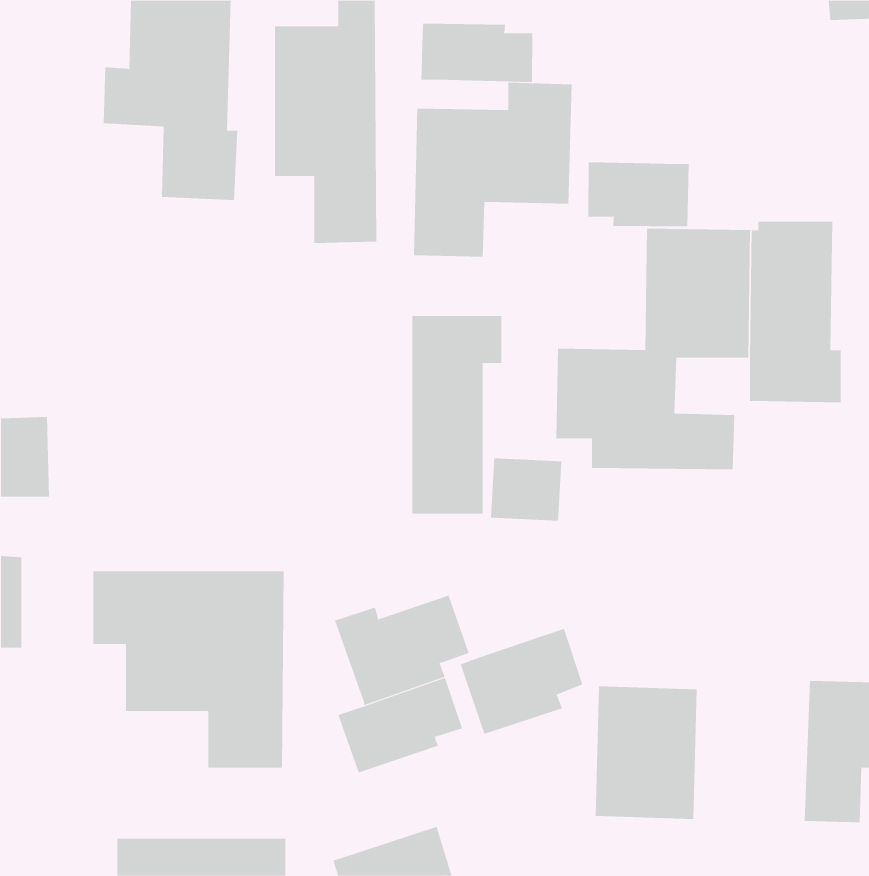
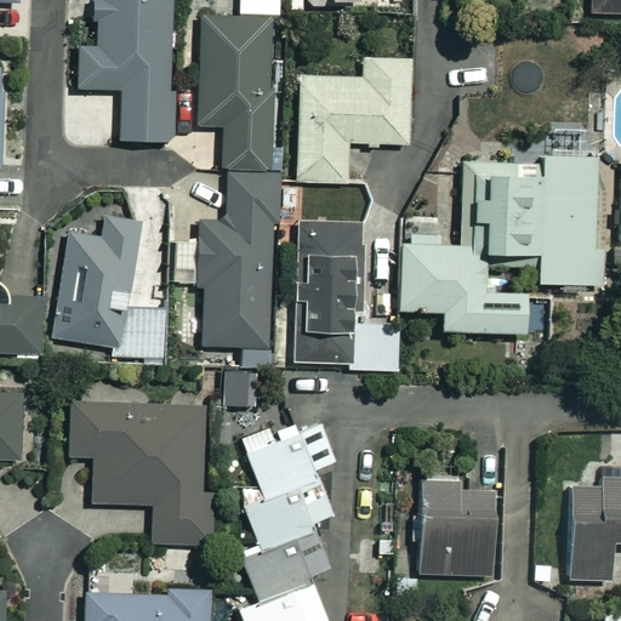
building: [421,23,533,83] -> none
building: [588,162,689,227] -> none
building: none -> [177,171,278,368]
building: none -> [55,218,169,359]
building: [460,628,583,734] -> [241,528,329,603]

